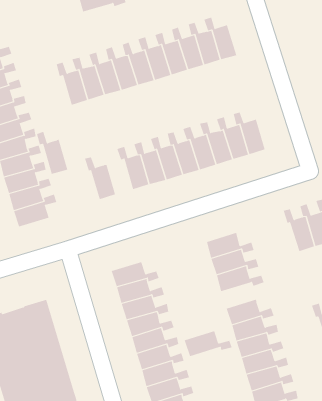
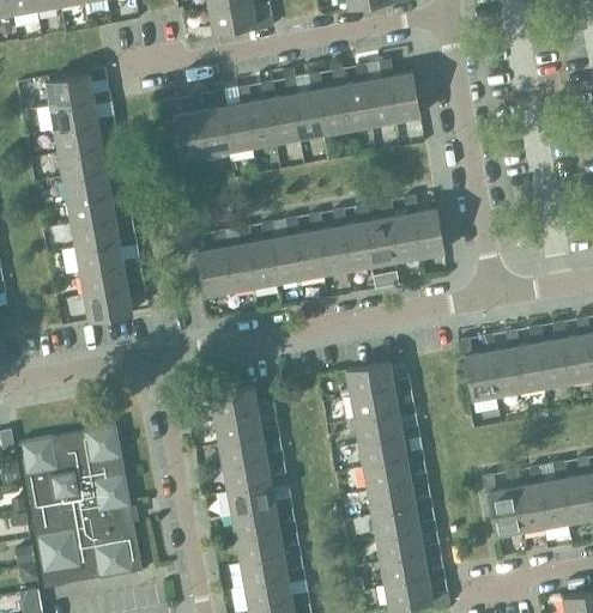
building: [36,131,68,174] -> [214,231,253,292]
building: [184,331,232,357] -> [358,436,424,468]

